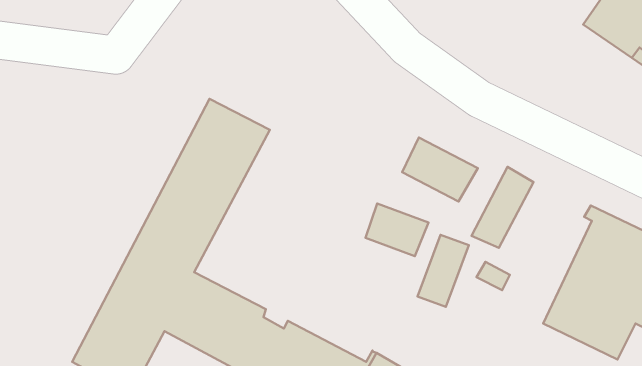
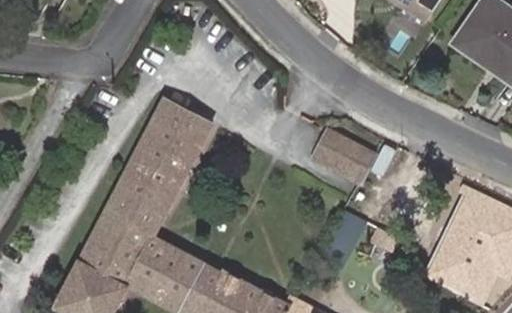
building: [472,167,533,248] -> none
building: [366,203,429,256] -> none

